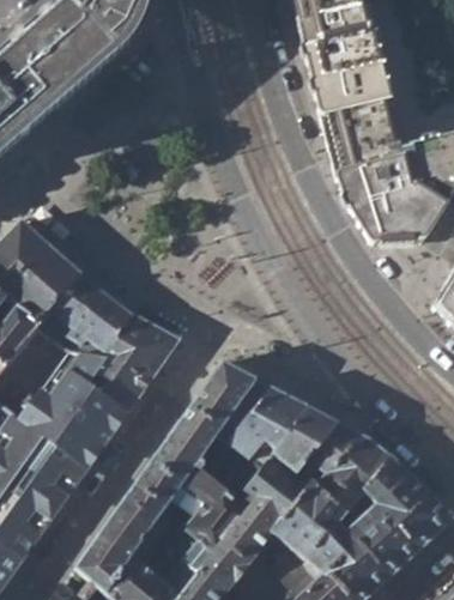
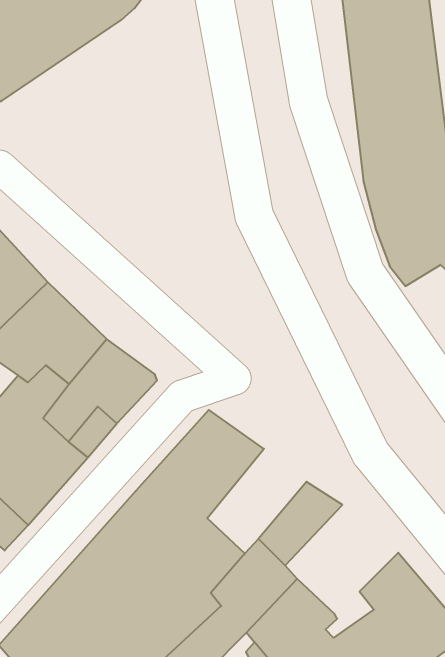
building: [231,388,308,474] -> none
building: [298,426,388,515] -> none

